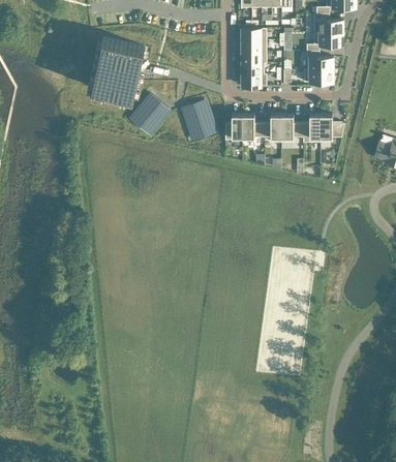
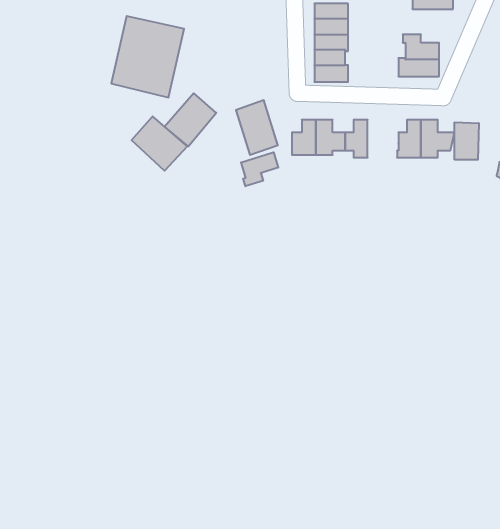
building: [306,33,343,52] -> none
building: none -> [132,116,187,171]
building: [280,115,303,143] -> none
building: none -> [455,122,479,160]
building: none -> [241,152,278,186]

